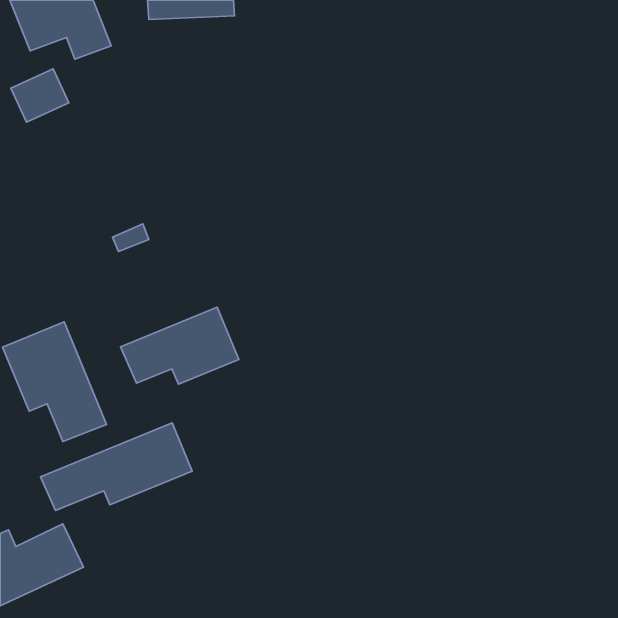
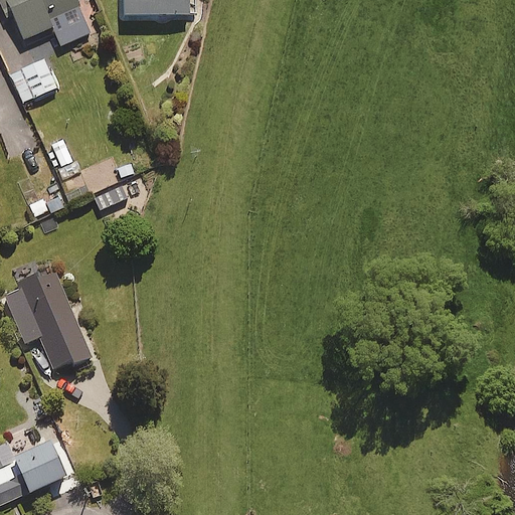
building: [121,307,239,384] -> none
building: [41,423,192,510] -> none

